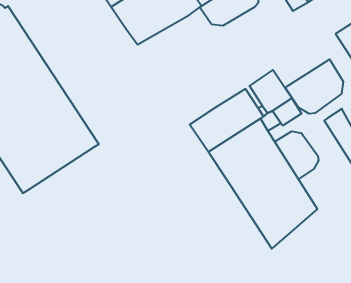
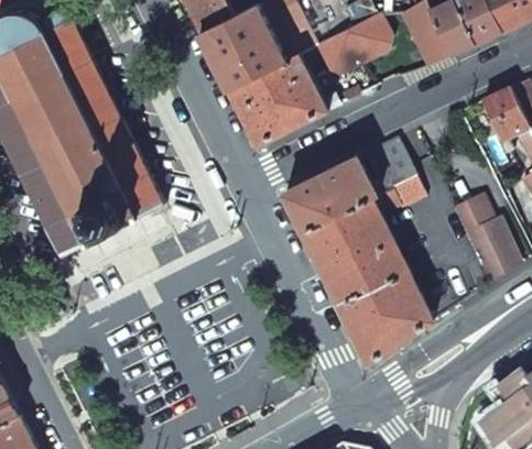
building: none -> [228,54,359,144]
building: [285,59,343,114] -> none
building: [275,131,318,179] -> none

